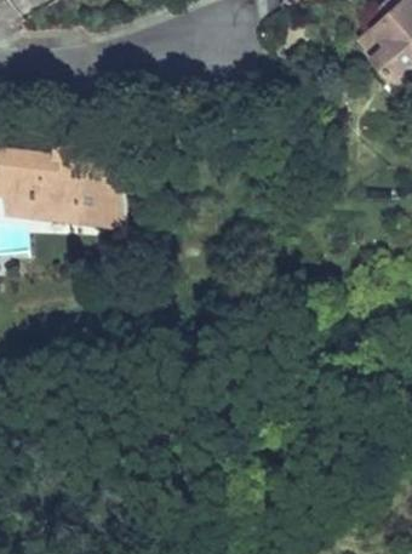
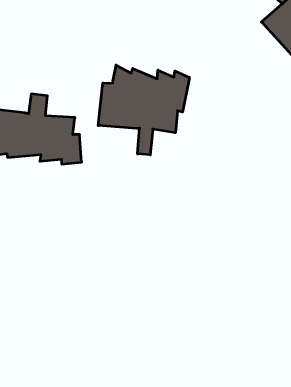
building: none -> [98,65,189,155]

